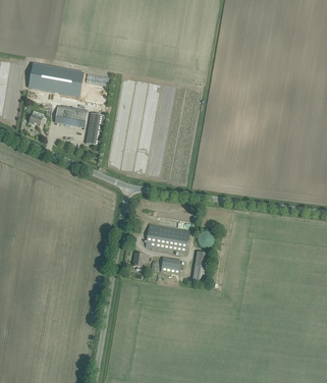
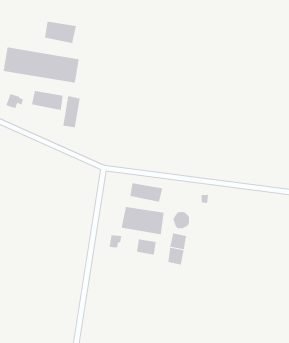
building: none -> [44,21,76,44]
building: none -> [130,182,163,202]

